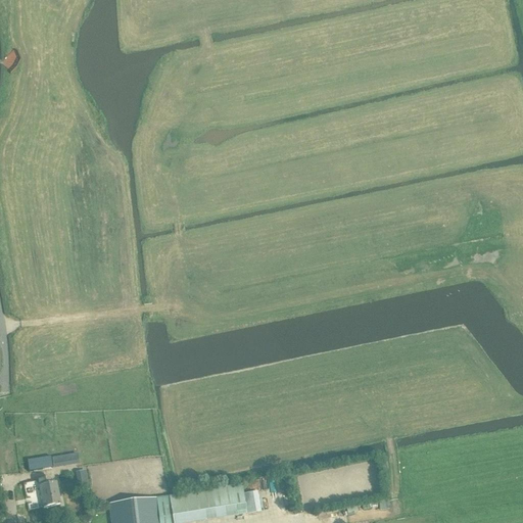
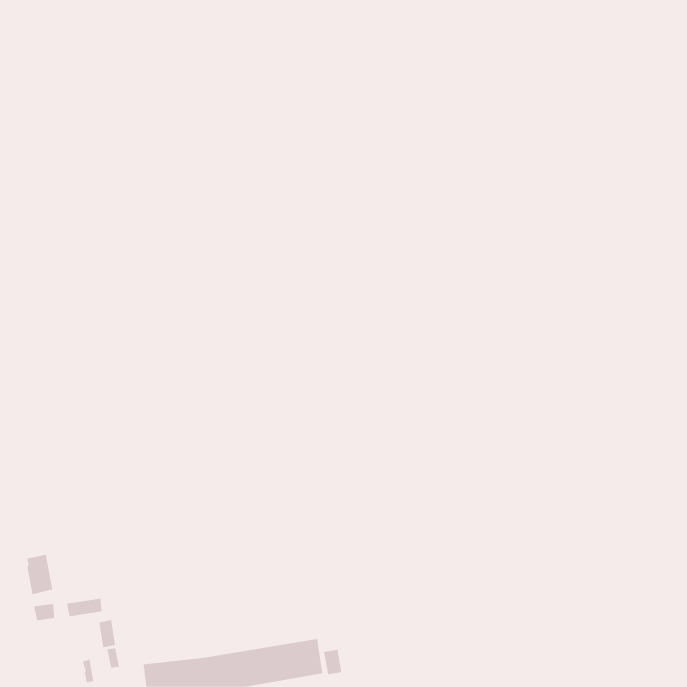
building: [38,477,58,508] -> [26,554,53,595]

